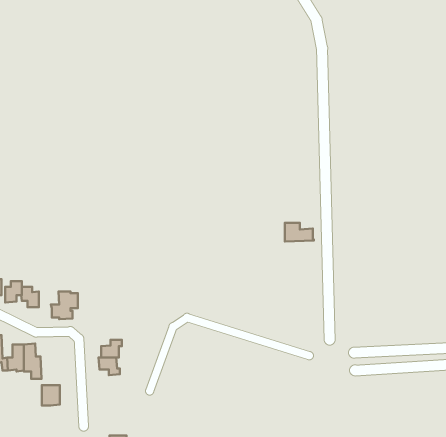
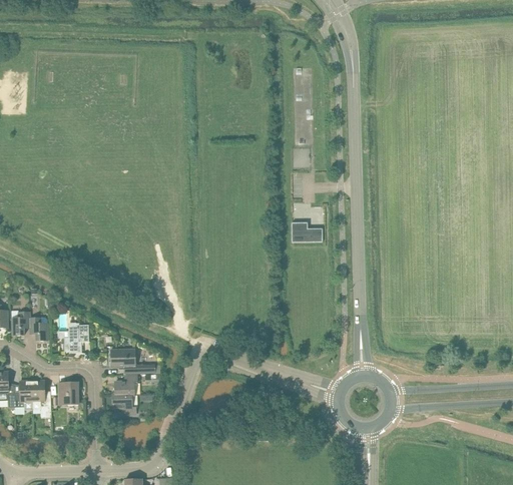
building: [285,223,314,241] -> [292,221,323,241]
building: none -> [111,348,154,373]
building: [42,385,60,406] -> [59,382,78,404]

